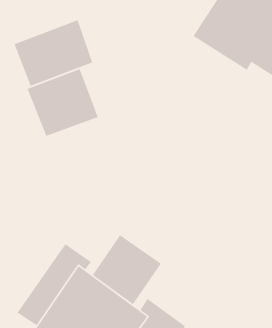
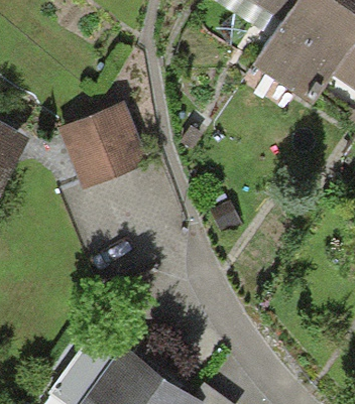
building: [14,19,93,87] -> none
building: [92,234,162,305] -> none

